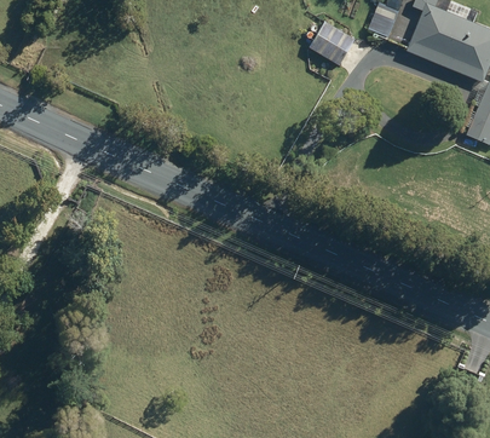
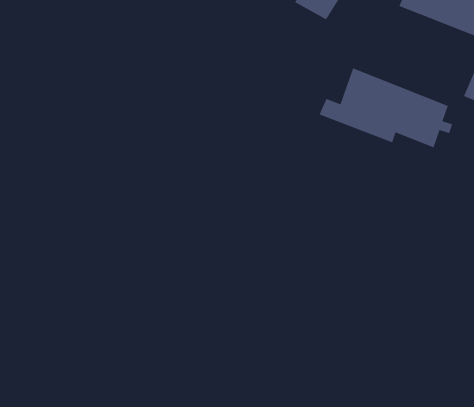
building: none -> [319,67,453,148]

